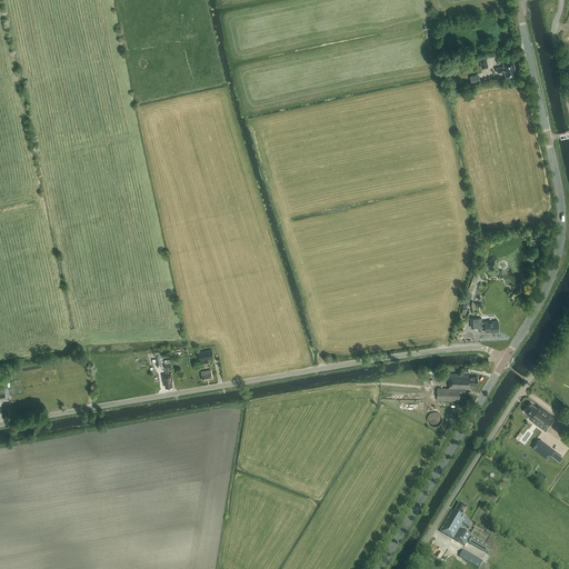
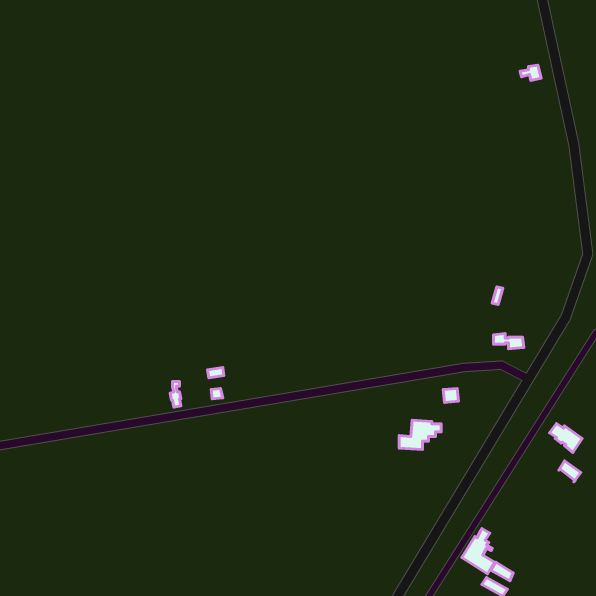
building: [437,373,477,401] -> [399,420,441,449]

